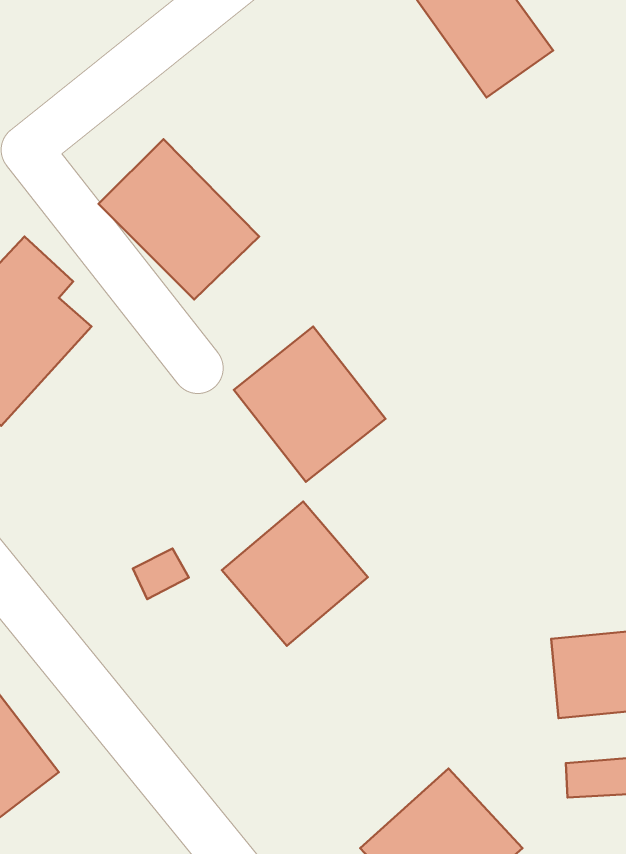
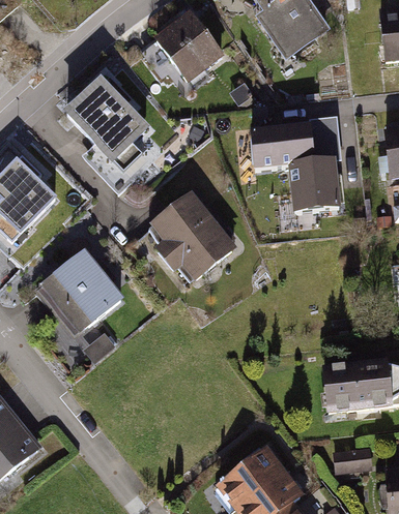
building: none -> [139,10,228,89]
building: none -> [250,111,341,209]
building: [222,501,368,646] -> [34,246,118,329]

